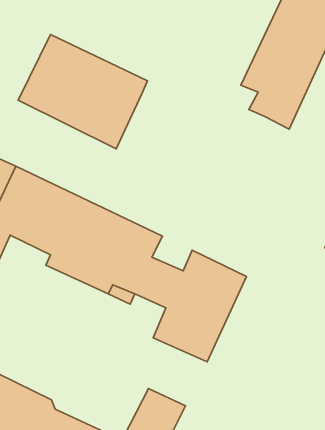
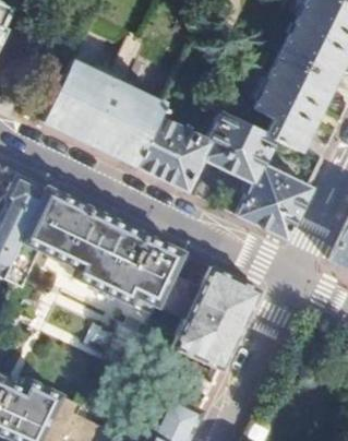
building: none -> [136,114,313,241]

